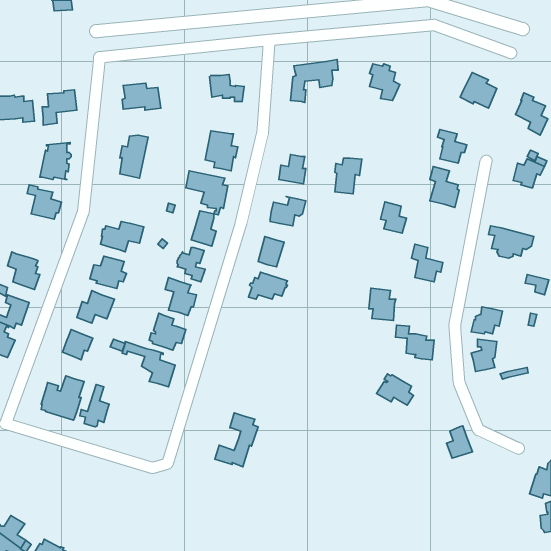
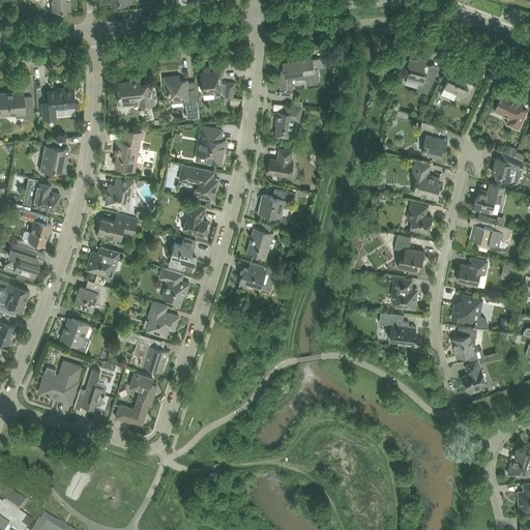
building: [370,64,400,101] -> [406,58,435,93]
building: none -> [164,77,199,120]
building: [335,158,362,194] -> [275,106,301,140]
building: none -> [106,178,134,209]
building: none -> [472,183,506,214]
building: [381,202,407,233] -> [407,203,432,233]
building: none -> [16,208,51,246]
building: none -> [457,258,488,287]
building: [369,288,396,321] -> [391,278,417,310]
building: [377,374,413,405] -> none
building: [215,413,258,467] -> [115,374,156,425]
building: [447,426,473,458] -> [462,360,487,391]

